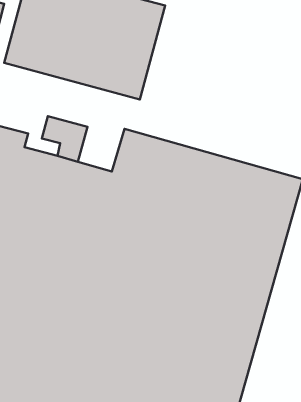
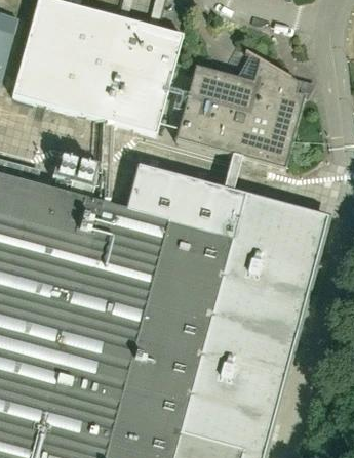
building: none -> [175,51,304,167]

